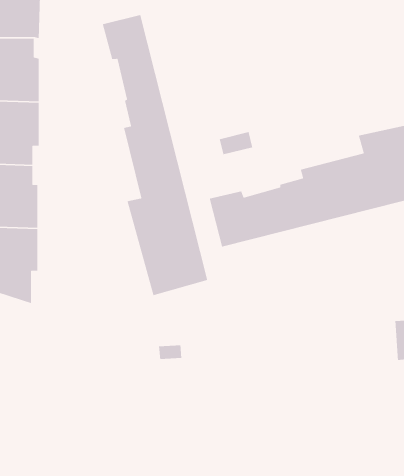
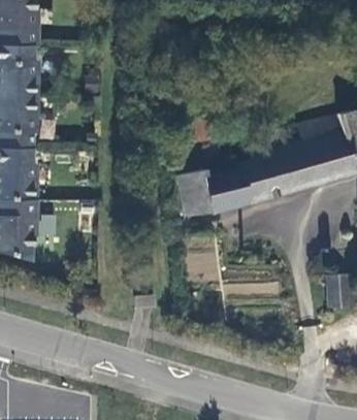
building: [102,14,208,296] -> none

